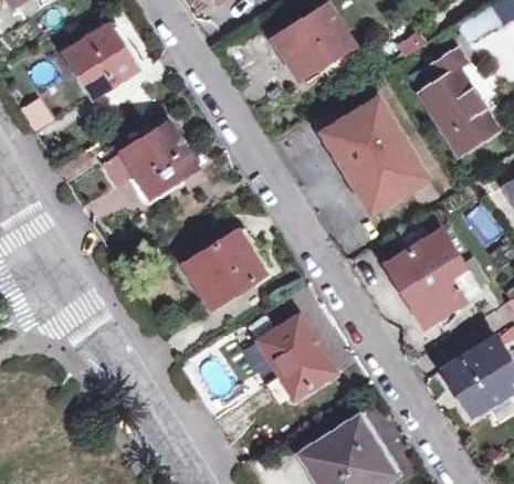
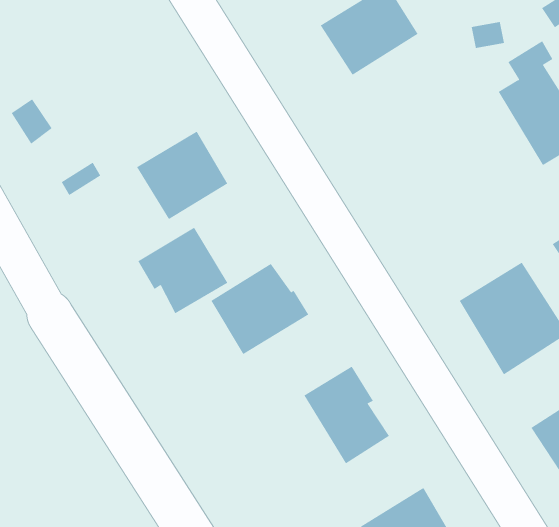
building: [66,24,136,94] -> none
building: [321,97,437,224] -> none
building: none -> [137,227,228,314]

